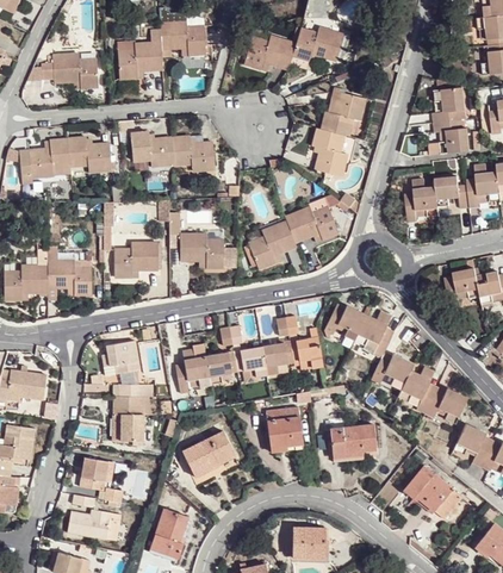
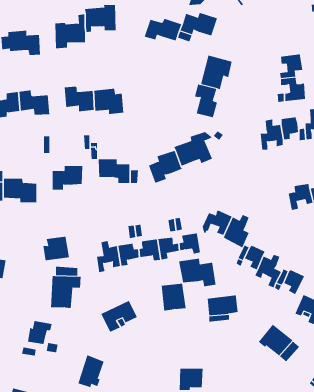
building: none -> [179,258,216,287]
building: [66,513,111,542] -> none

